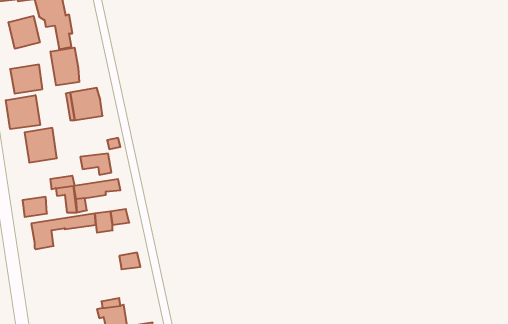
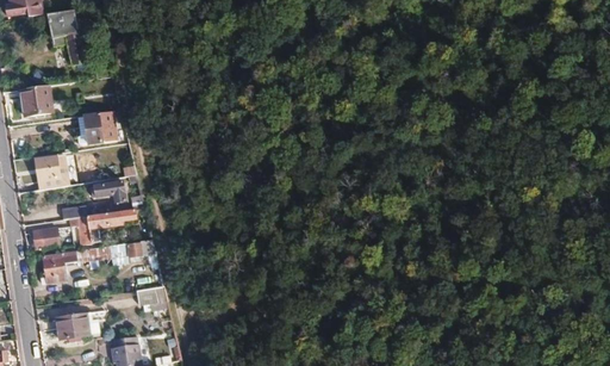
building: [9,16,40,49] -> none
building: [51,48,79,85] -> none
building: [6,95,40,129] -> none
building: none -> [56,312,91,340]

